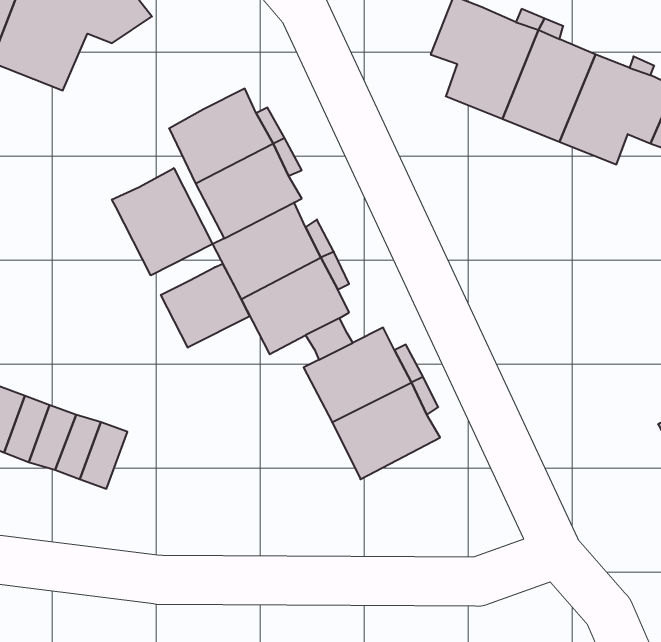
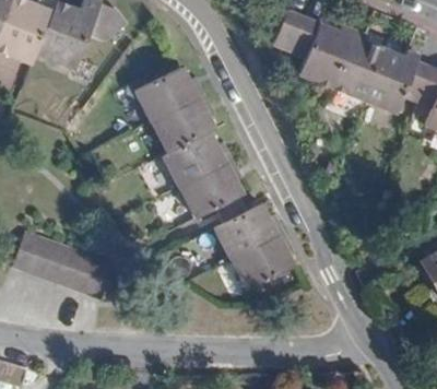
building: [112,168,213,275] -> none
building: [161,264,250,348] -> none

